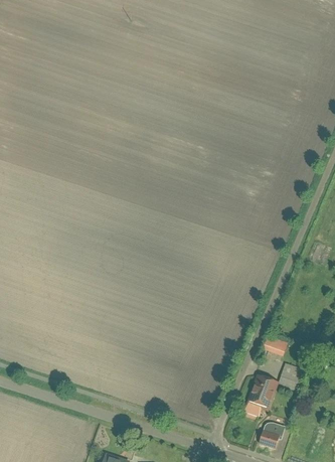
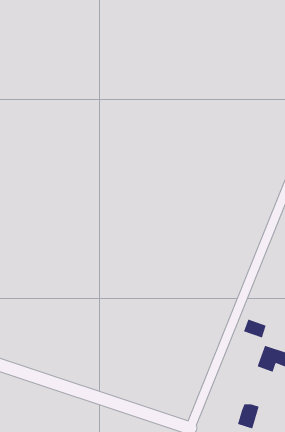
building: [249,373,280,408] -> none

